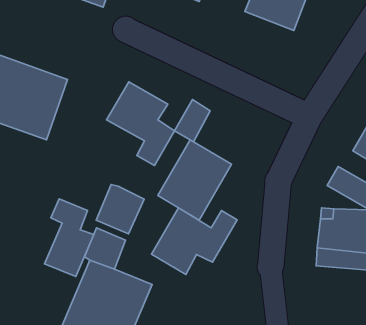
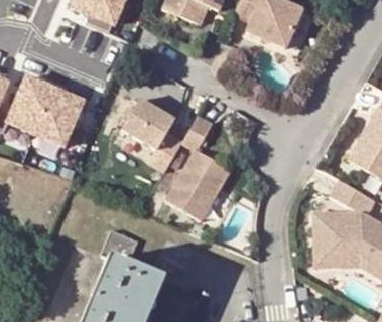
building: [96,185,144,234] -> none
building: [45,199,94,277] -> none
building: [152,208,237,275] -> none

